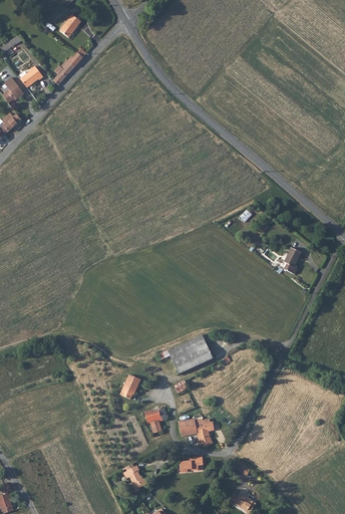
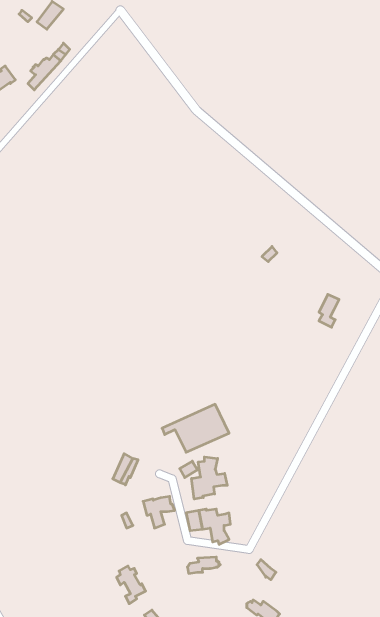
building: none -> [192,457,227,499]

